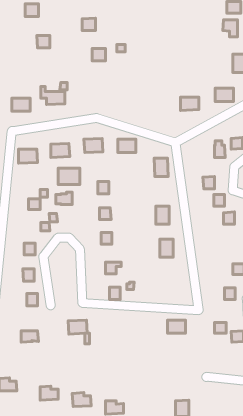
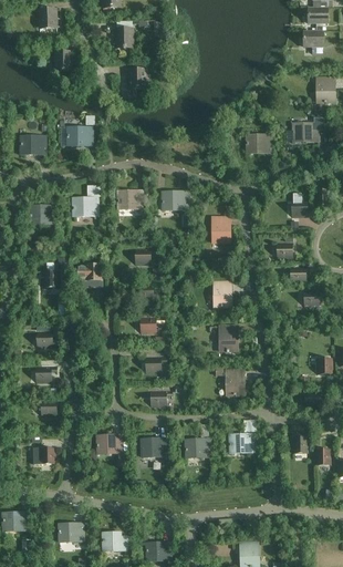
building: [58,168,80,185] -> none
building: none -> [225,370,243,394]
building: none -> [141,437,166,456]
building: none -> [185,439,210,457]

